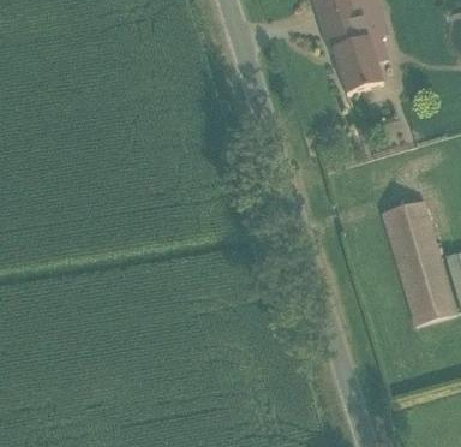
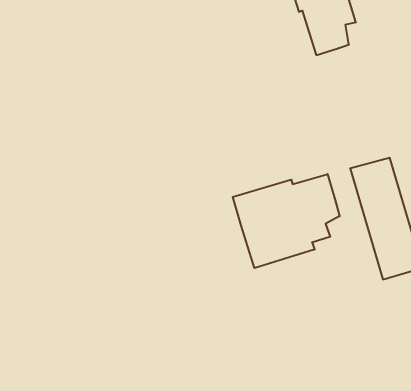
building: none -> [233,174,340,268]

